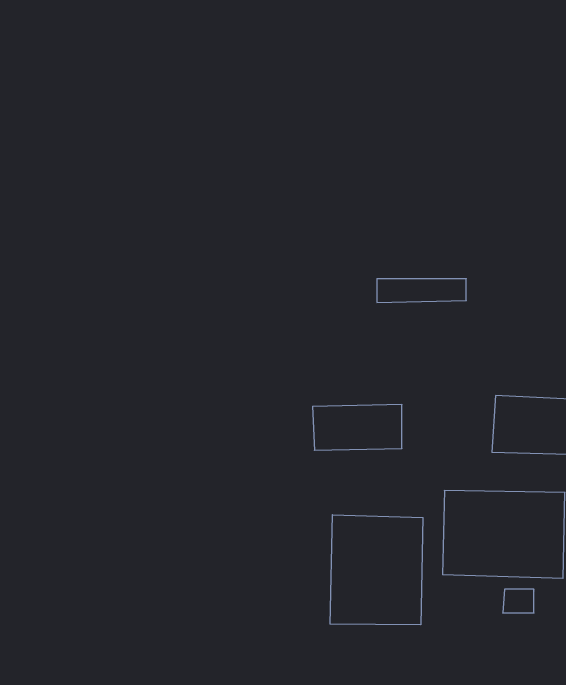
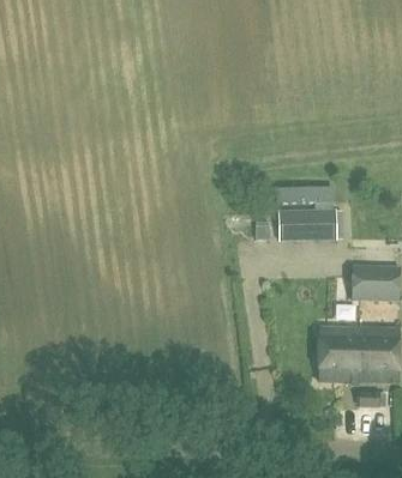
building: [313,405,402,450] -> [277,210,336,240]
building: [330,515,423,625] -> none

